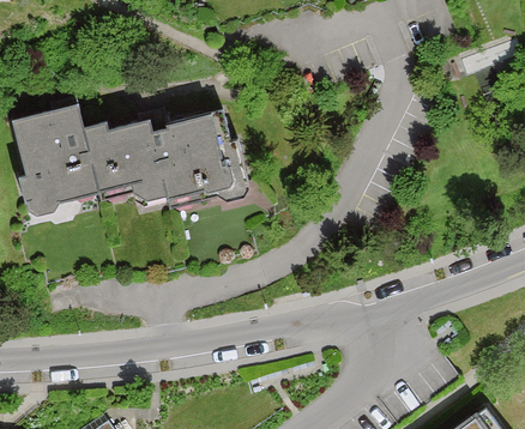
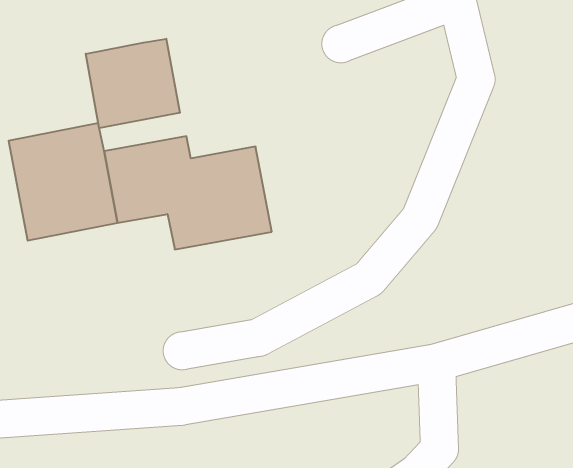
building: none -> [86,39,180,128]

